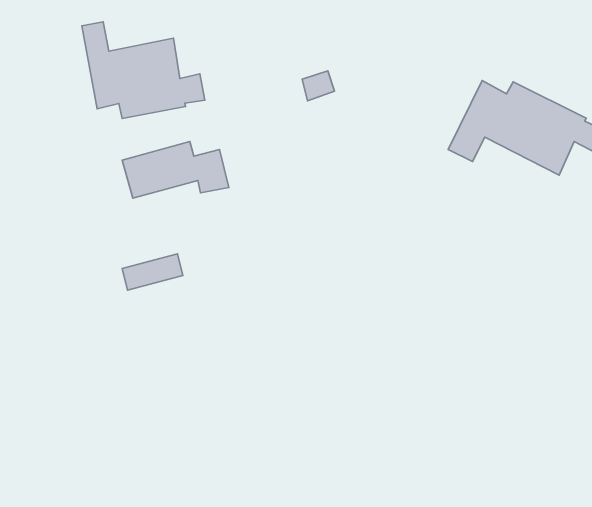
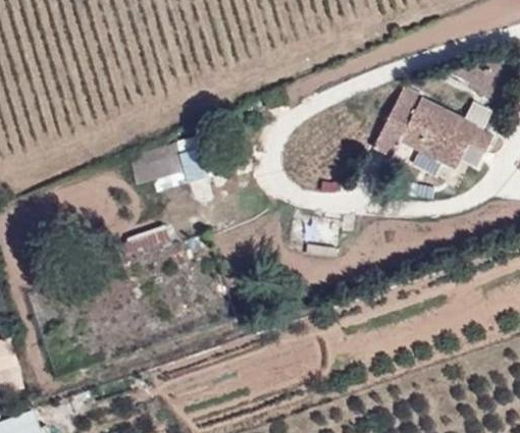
building: [82,22,205,119] -> none

